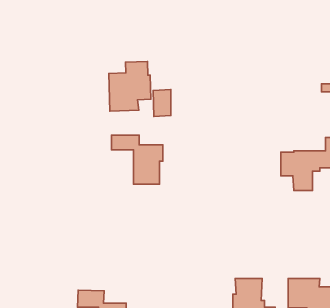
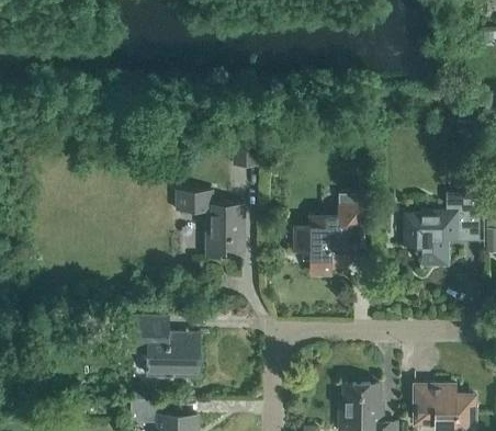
building: [109,62,151,111] -> none
building: none -> [295,194,362,274]
building: none -> [132,315,199,376]

